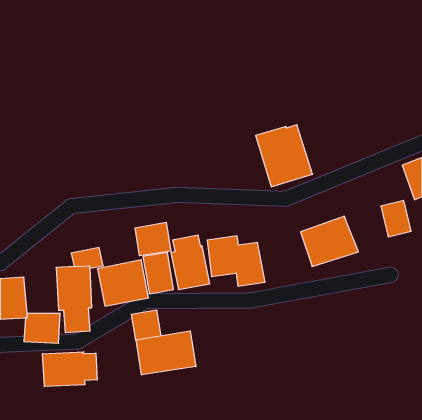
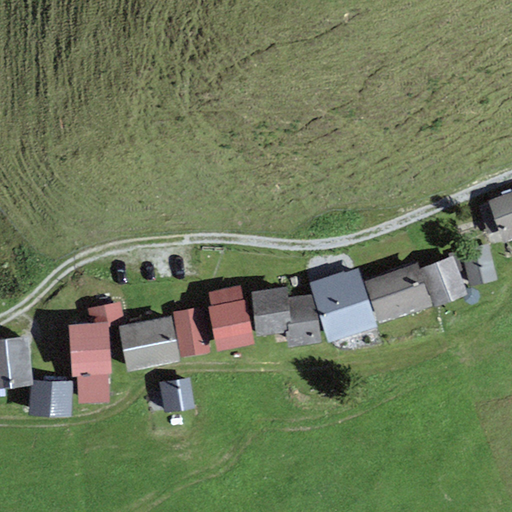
building: [256,125,313,187] -> [308,268,377,343]
building: none -> [419,255,467,307]
building: [135,222,171,256] -> none
building: [136,331,196,375] -> none
building: [42,352,97,387] -> none

